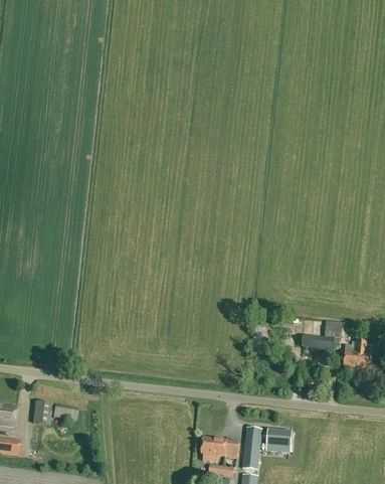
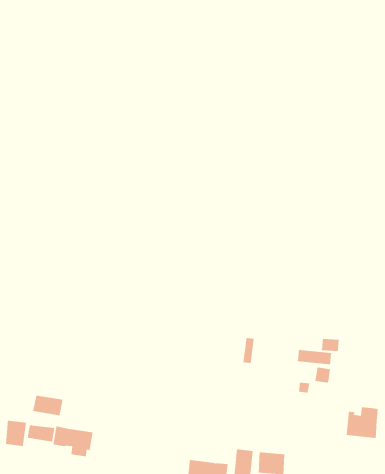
building: [344,340,374,369] -> [346,407,379,438]
building: none -> [33,395,63,416]
building: none -> [53,426,93,457]

